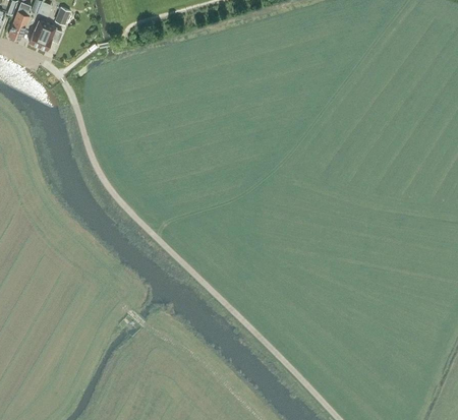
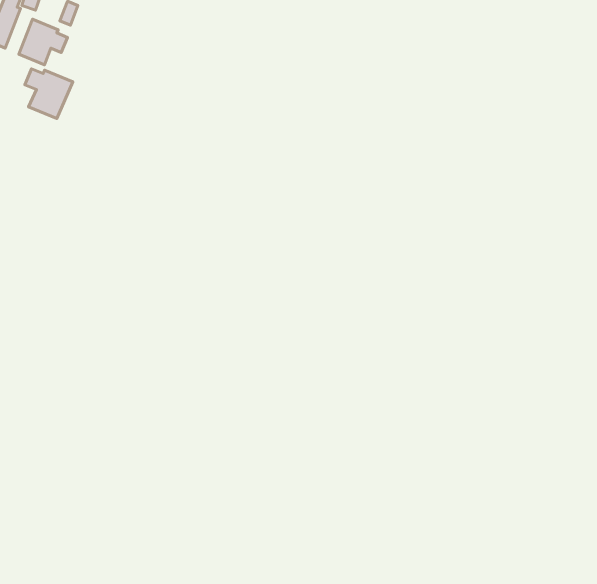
building: none -> [25,69,73,118]

